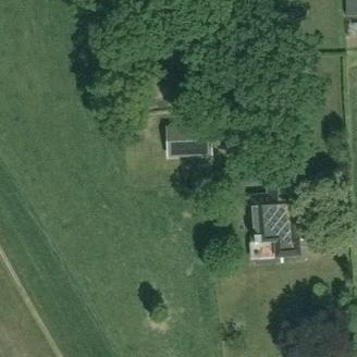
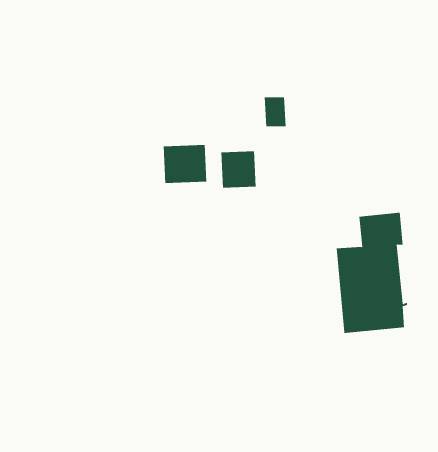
building: none -> [163,144,207,184]

